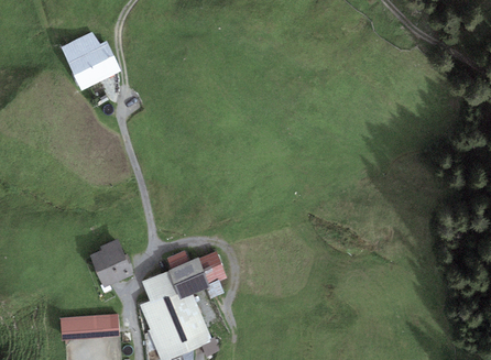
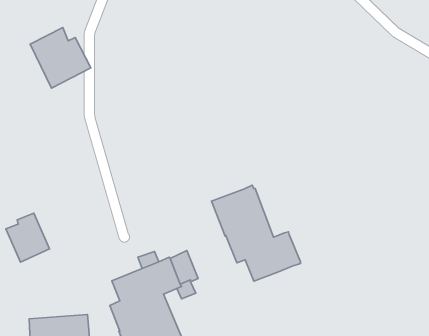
building: none -> [212,185,300,281]
building: [90,239,133,287] -> [6,213,50,262]

